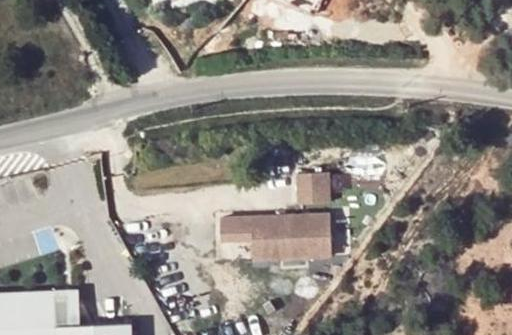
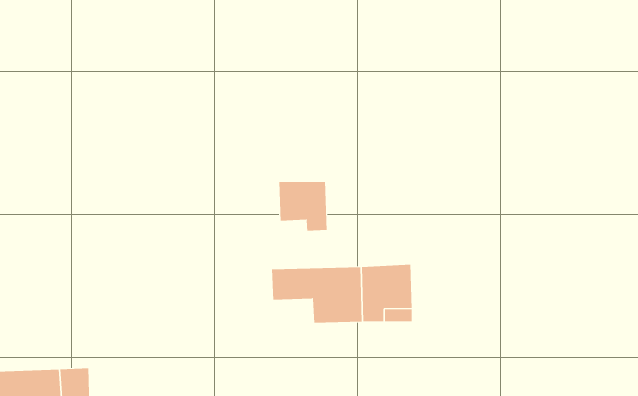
building: none -> [279,181,327,232]
building: [299,171,330,203] -> none

